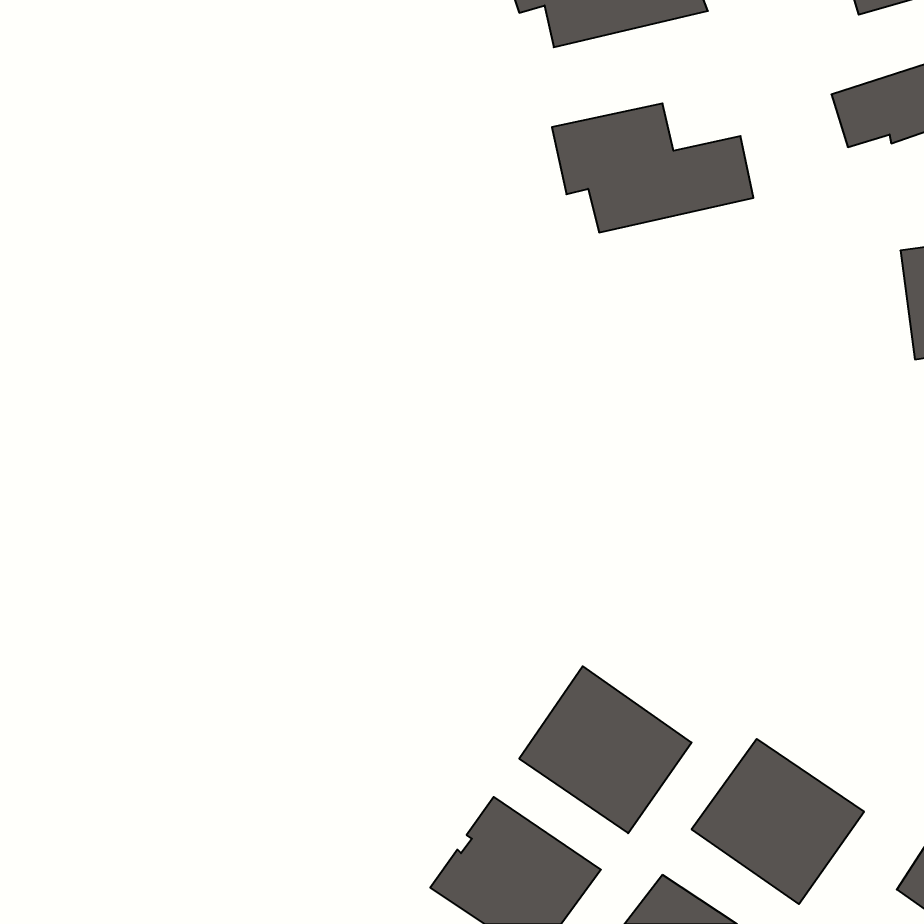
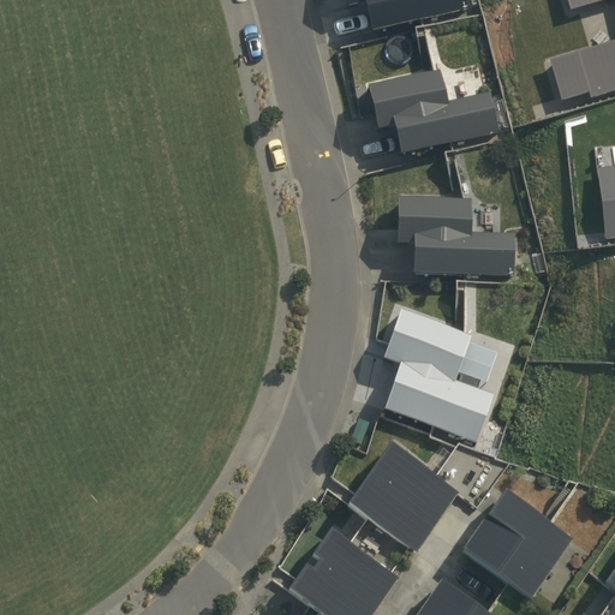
building: none -> [395,197,515,274]
building: none -> [388,320,510,464]

